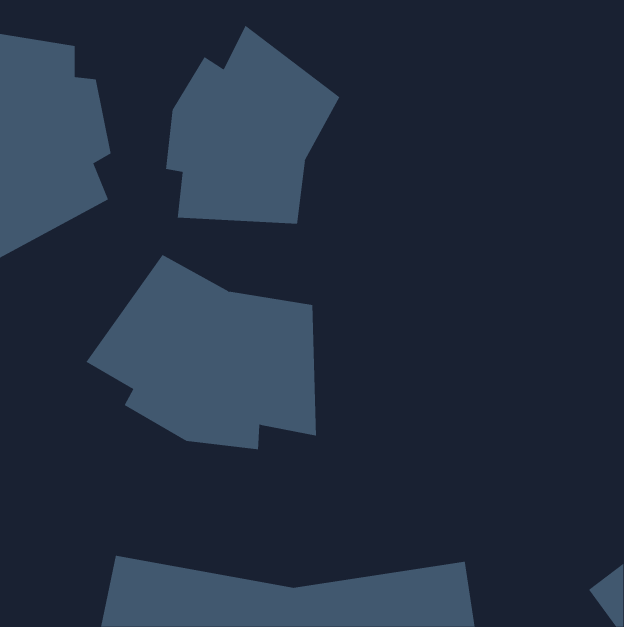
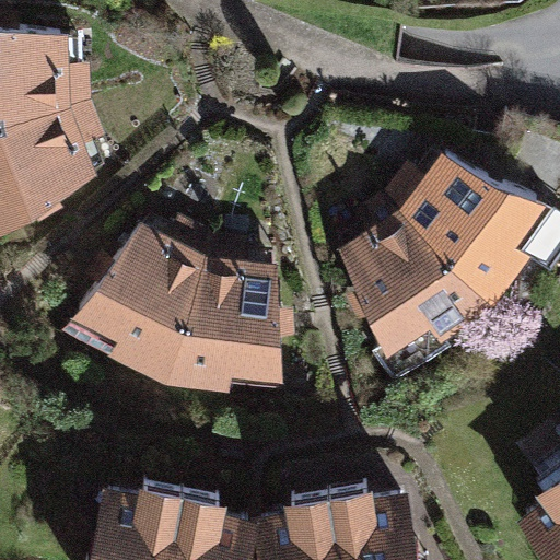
building: [166,25,340,224] -> none
building: none -> [336,155,545,359]

